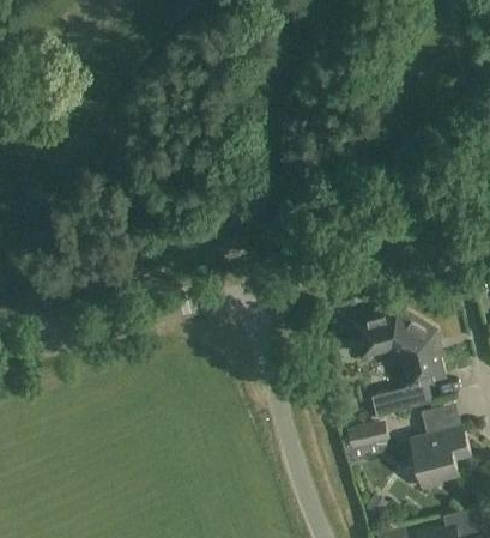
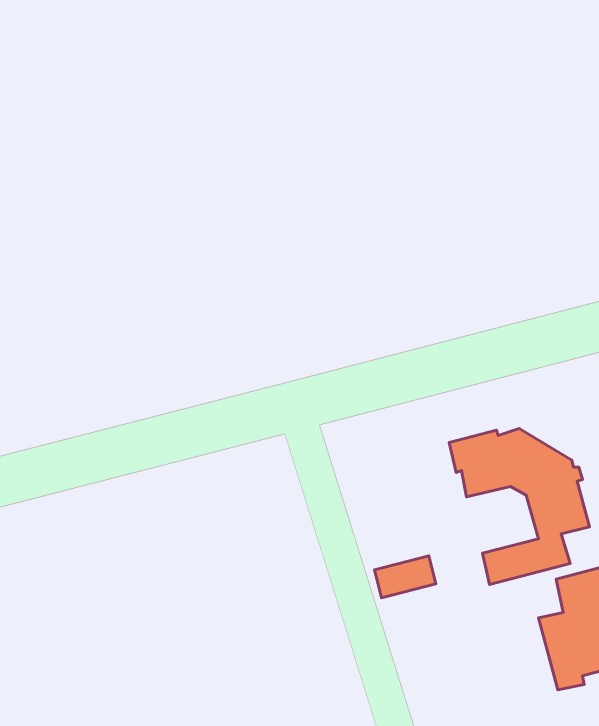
building: [347,422,389,451] -> [375,556,436,598]

